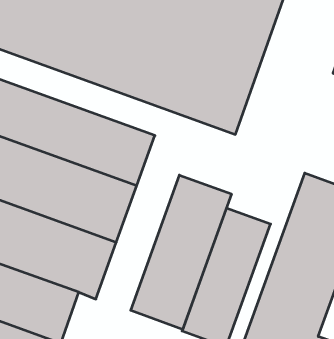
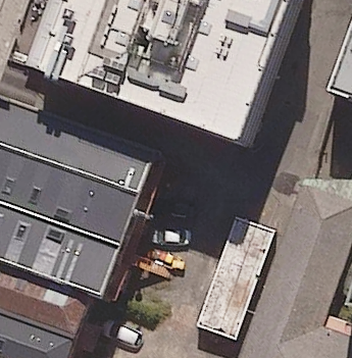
building: [131,175,231,329] -> none

